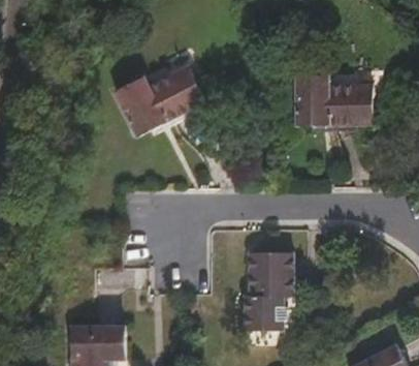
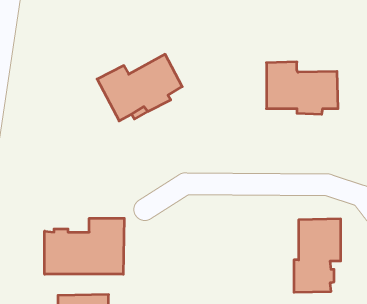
building: none -> [45,218,124,274]
building: [243,250,293,330] -> [294,219,341,292]

